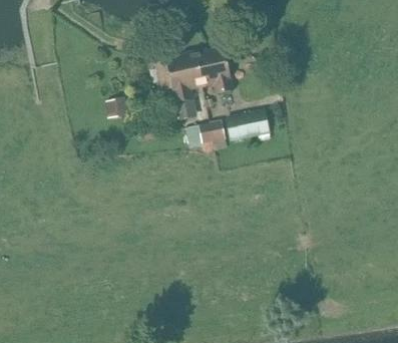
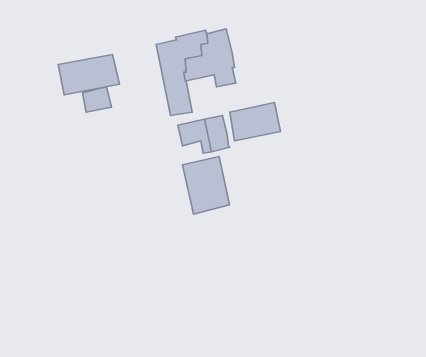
building: none -> [58,55,120,95]
building: none -> [183,157,230,214]

